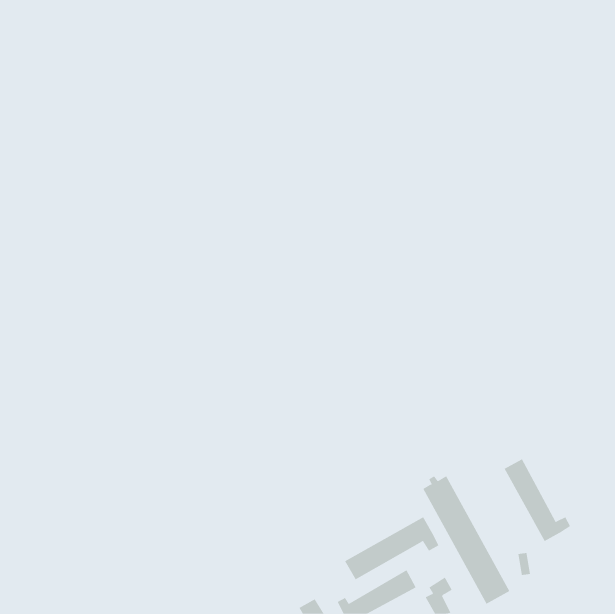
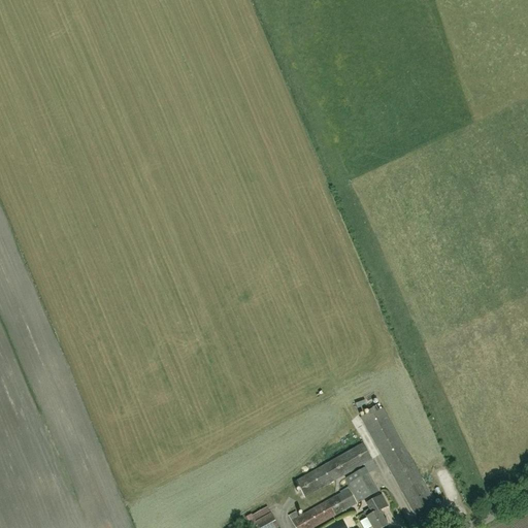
building: [504,459,571,542] -> none
building: none -> [345,467,377,501]

